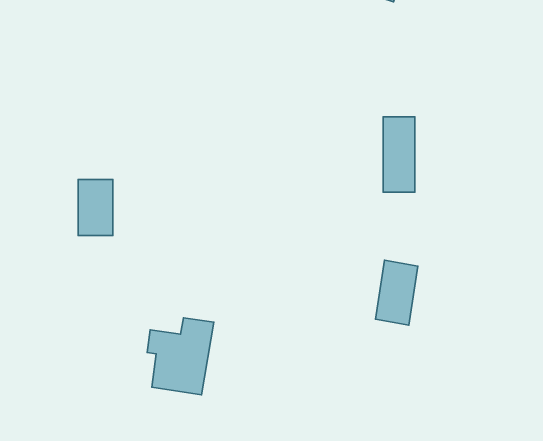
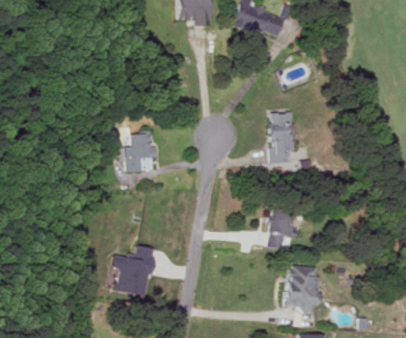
building: [78,180,113,235] -> [131,134,154,171]
building: none -> [286,267,319,310]

